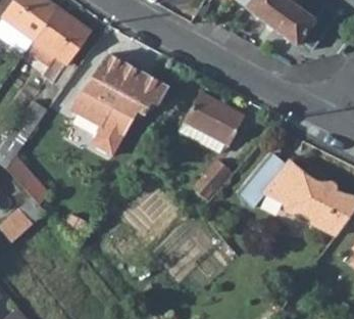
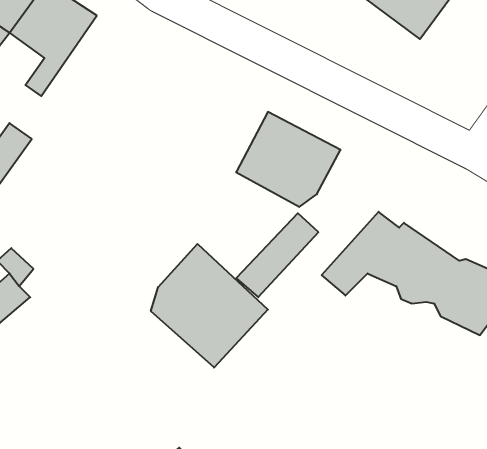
building: [67,54,166,155] -> none
building: none -> [151,244,268,368]

